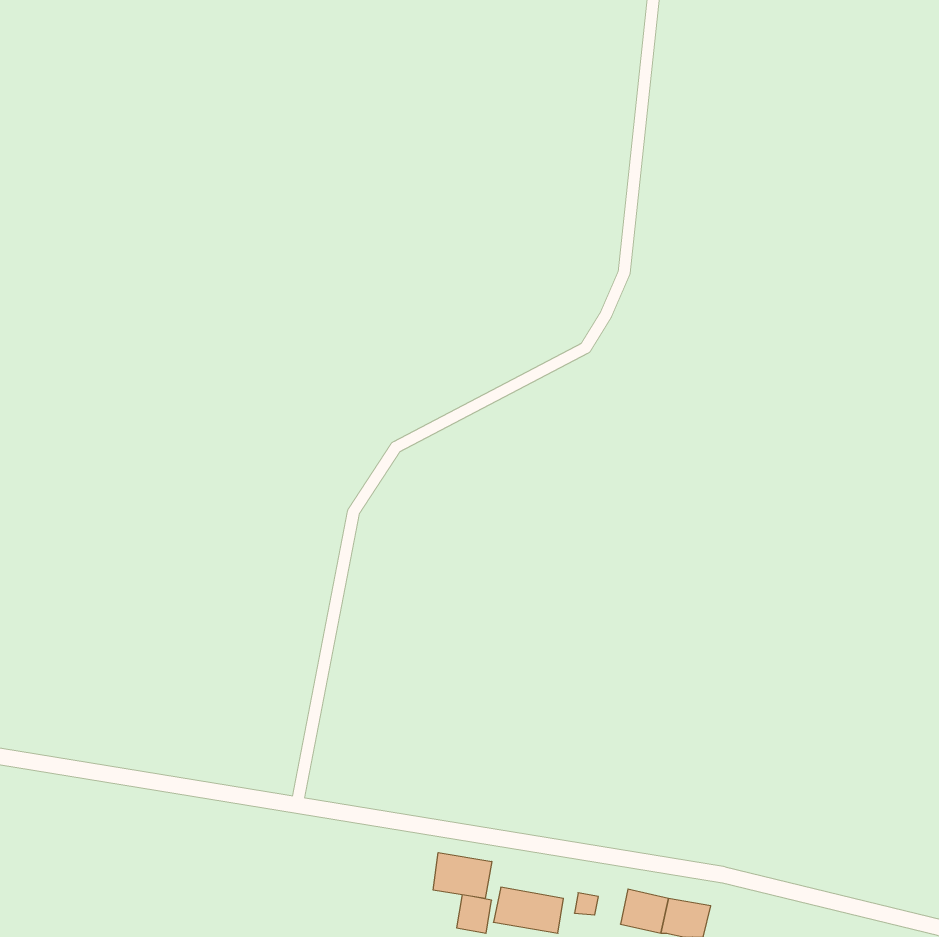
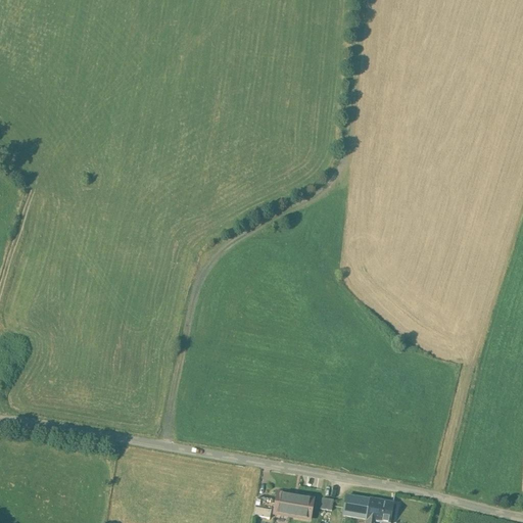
building: [433,853,492,898] -> none

